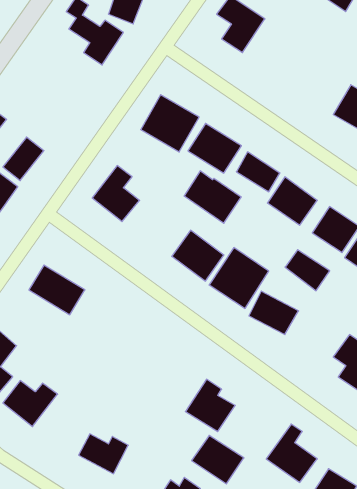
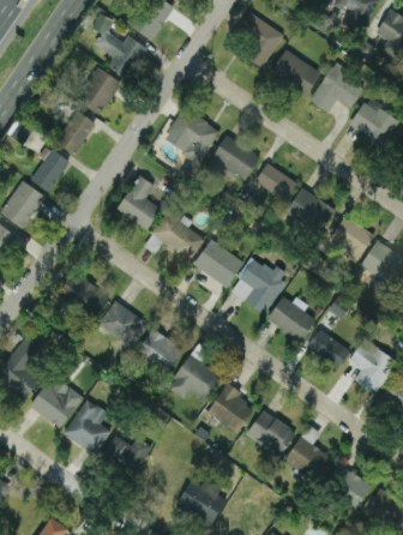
building: none -> [270,49,321,97]
building: none -> [309,60,361,113]
building: none -> [77,67,121,115]
building: none -> [55,110,96,155]
building: [184,171,241,223] -> [151,211,206,262]
building: [285,250,330,291] -> [307,330,350,369]
building: none -> [97,302,148,347]
building: none -> [136,329,181,374]
building: none -> [167,354,222,401]
building: none -> [62,398,112,455]
building: [192,435,244,484] -> [246,410,296,457]

